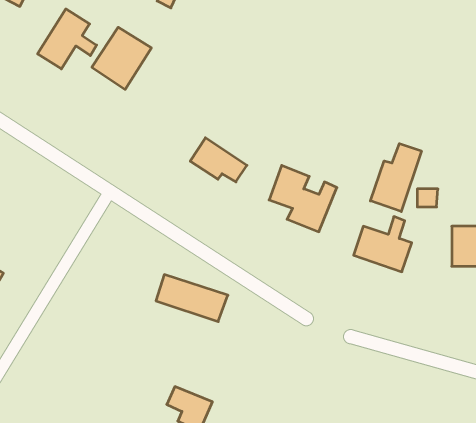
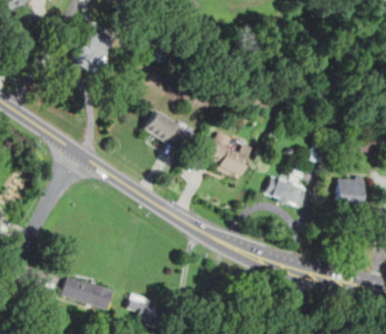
building: [38,9,97,69] -> none
building: [370,144,421,212] -> none
building: [156,275,228,322] -> [61,276,114,311]

